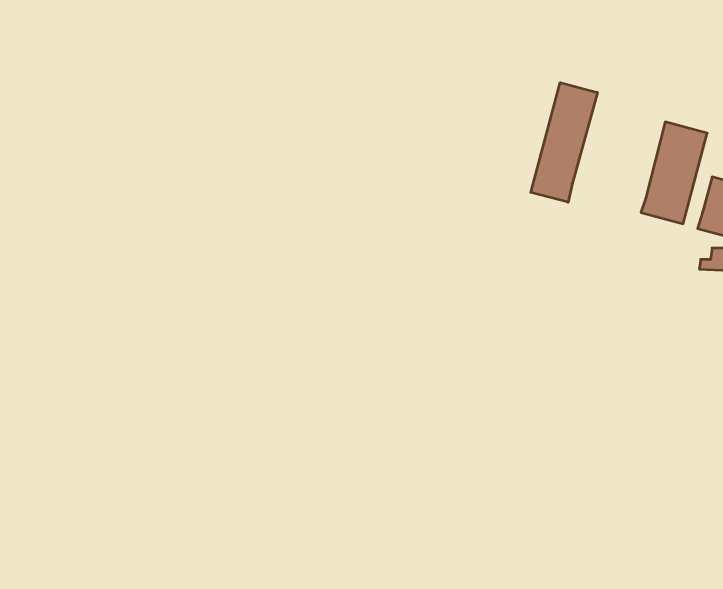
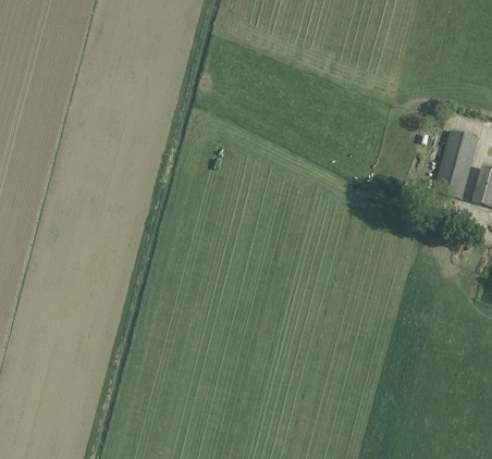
building: [531,83,597,202] -> none

